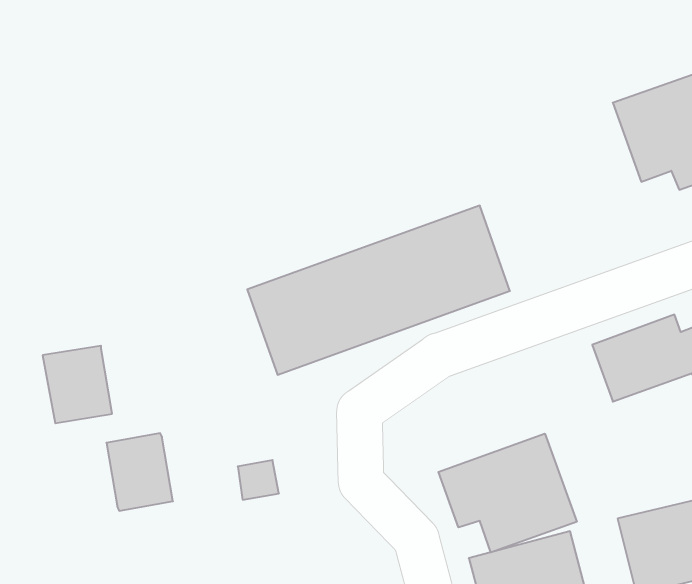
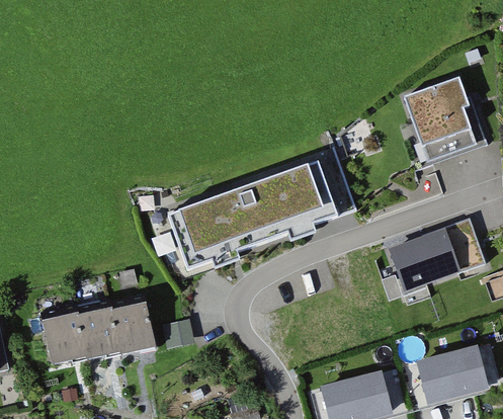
building: [43,346,112,423] -> [43,310,87,359]
building: none -> [115,302,157,352]
building: [438,434,577,552] -> none

